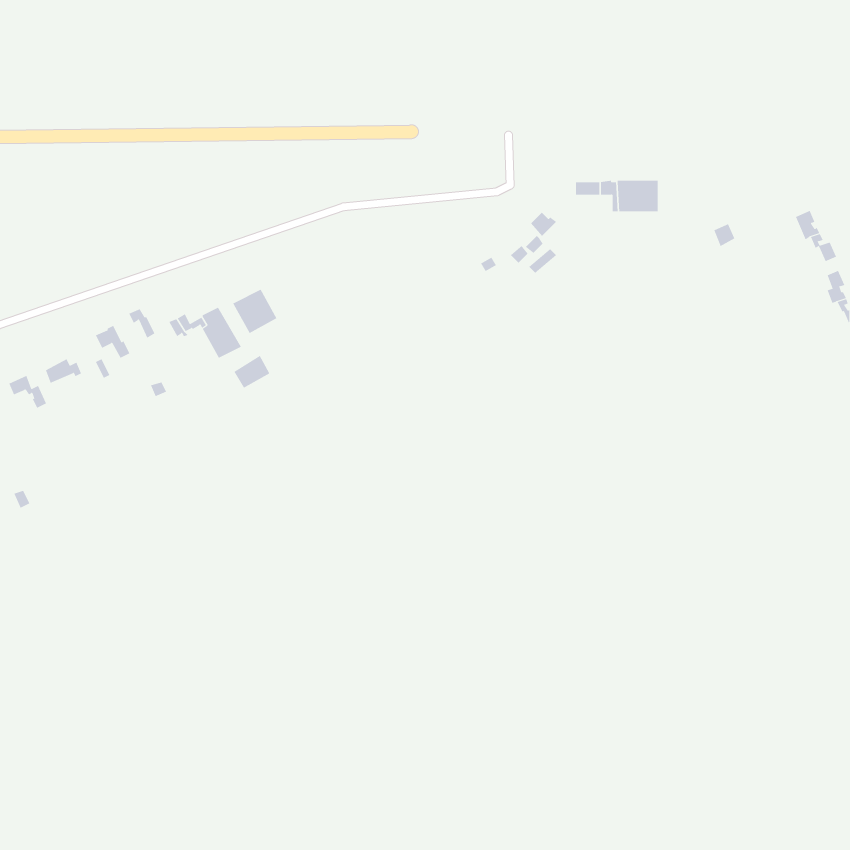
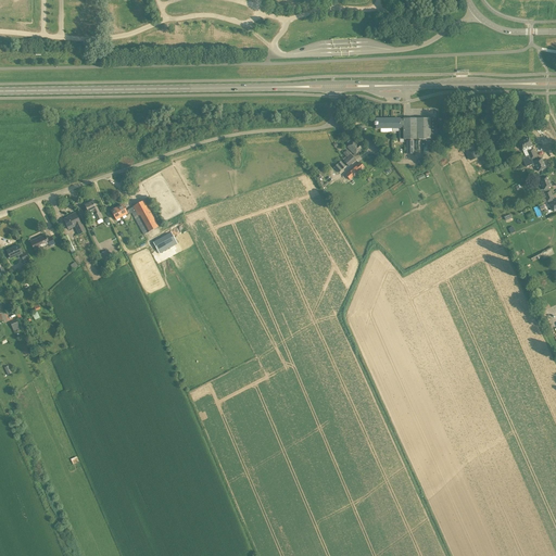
building: [232,289,277,334] -> none

